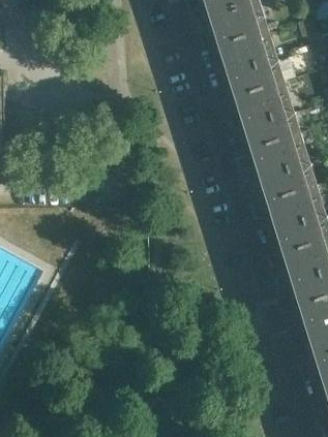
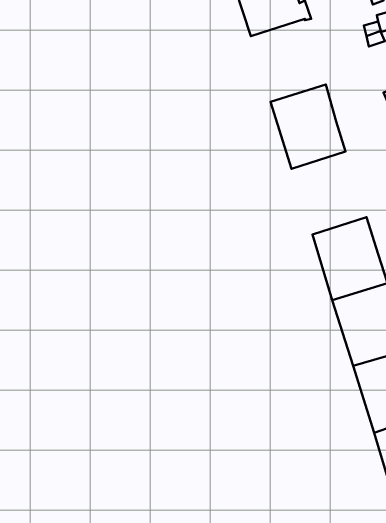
building: [216,26,275,91] -> none
building: [248,130,307,195] -> none

